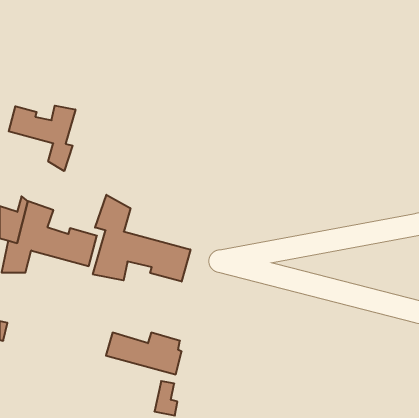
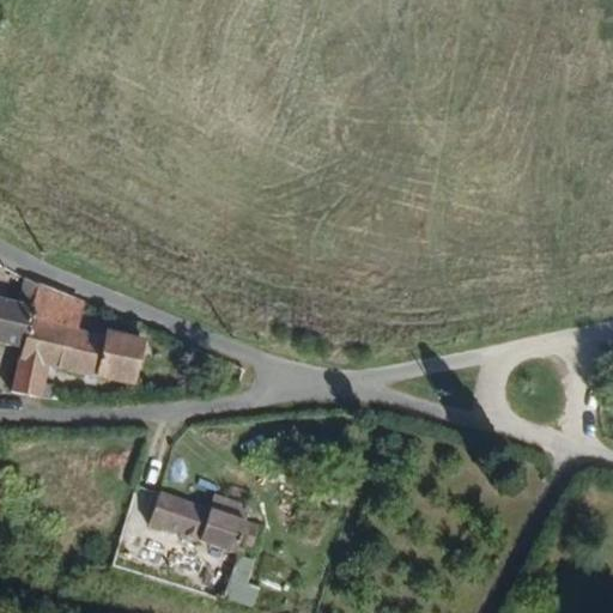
building: [9,106,75,171] -> none
building: [93,195,190,282] -> none

